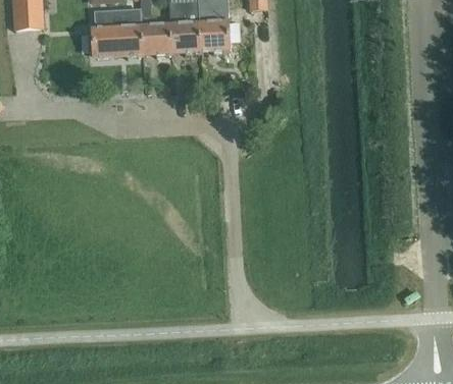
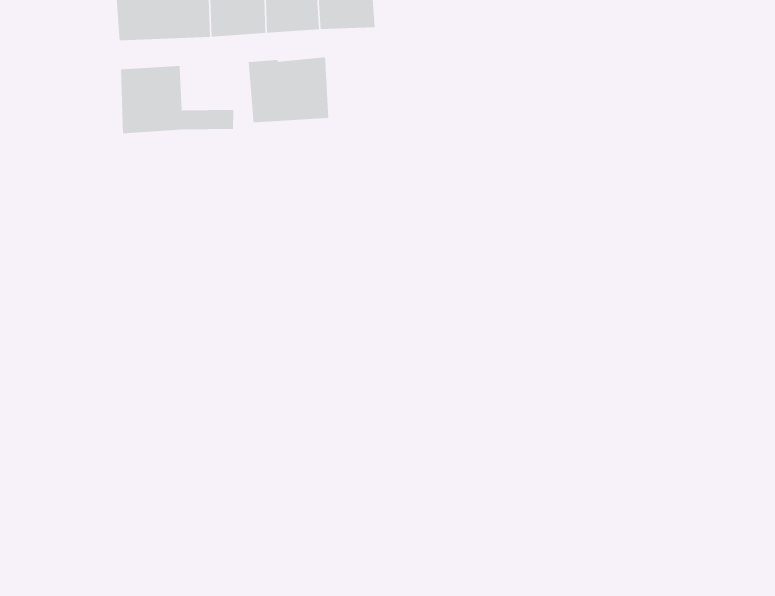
building: none -> [248,56,329,123]
building: none -> [121,65,234,134]

